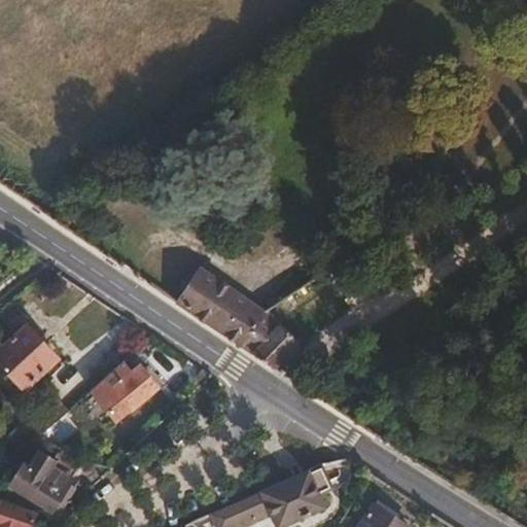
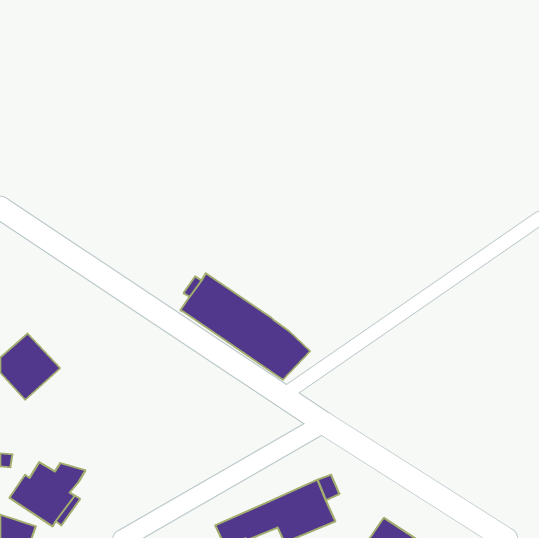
building: [91,345,164,423] -> none

